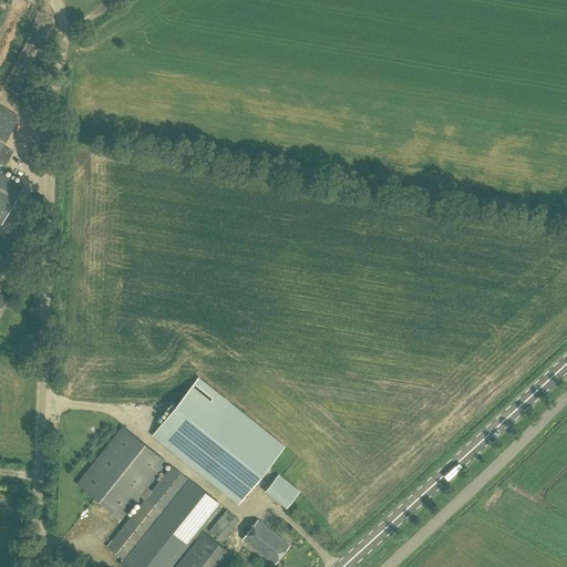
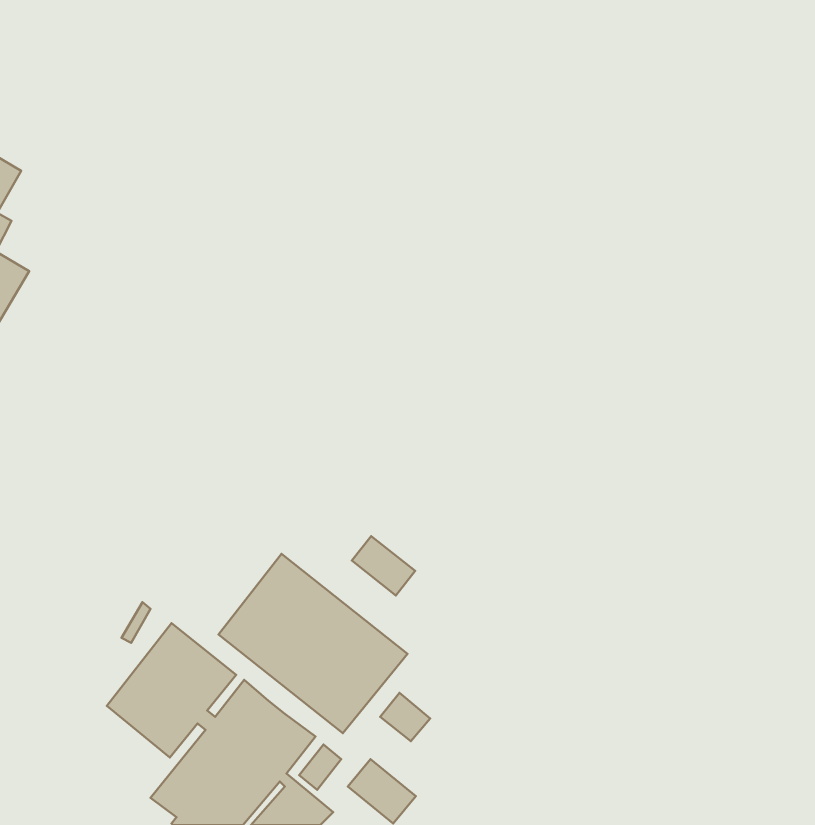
building: none -> [352,536,415,595]

